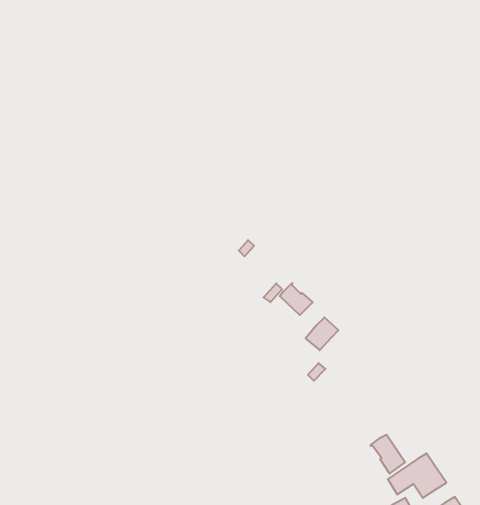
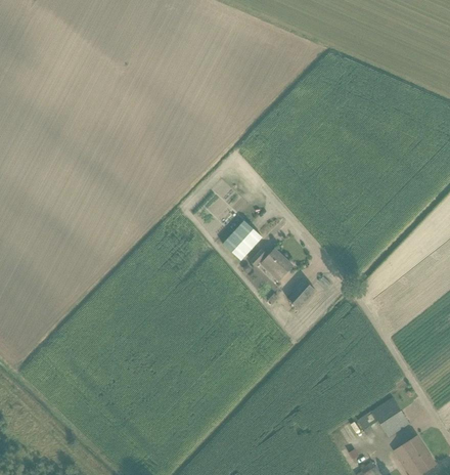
building: none -> [222,220,262,260]
building: [371,435,405,474] -> none

